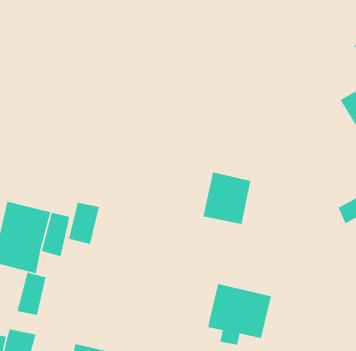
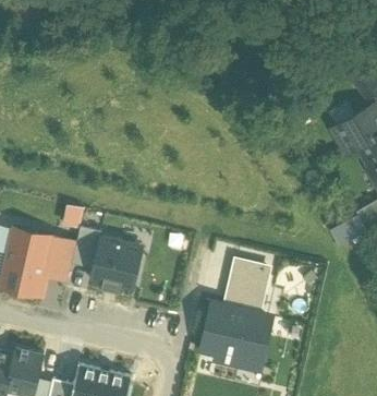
building: [202,172,251,225] -> [224,257,271,309]
building: none -> [92,238,142,290]
building: [17,272,46,316] -> none

